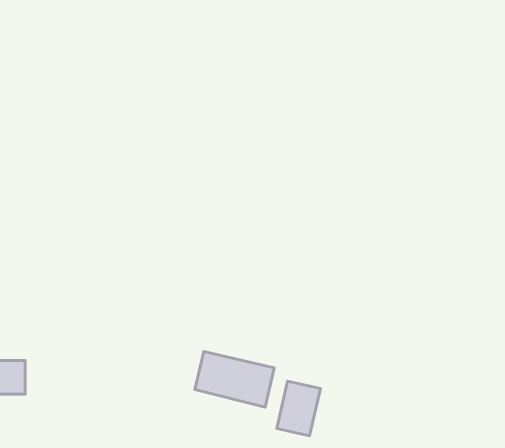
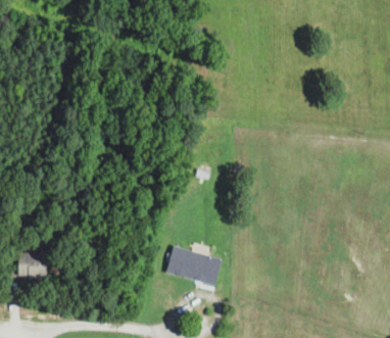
building: [277,381,320,436] -> none

